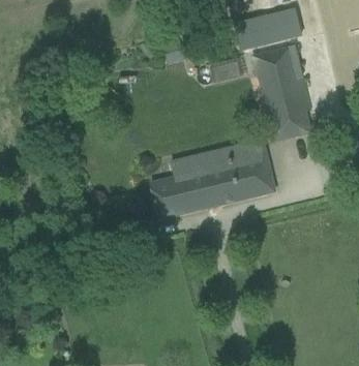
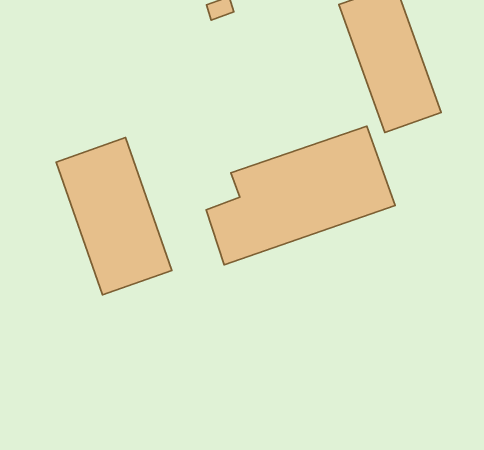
building: none -> [56,138,172,295]

